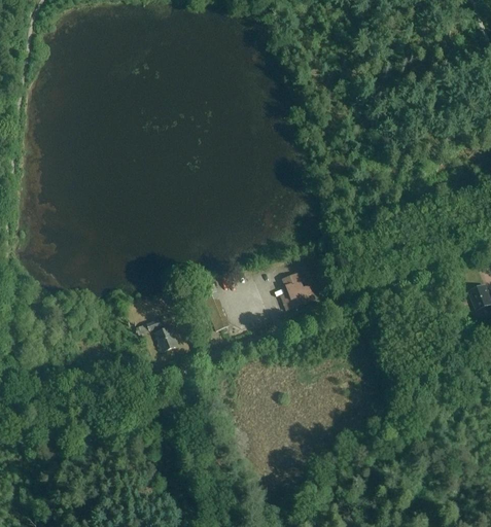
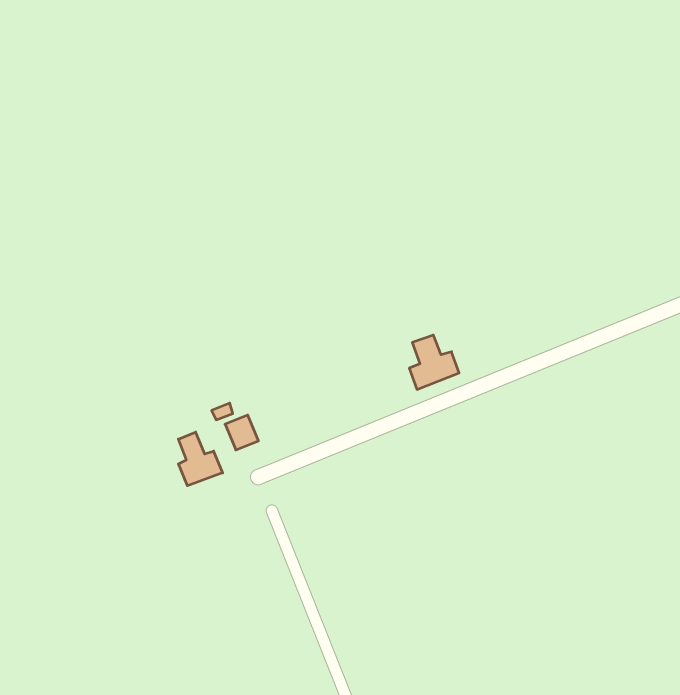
building: none -> [178,432,223,486]

